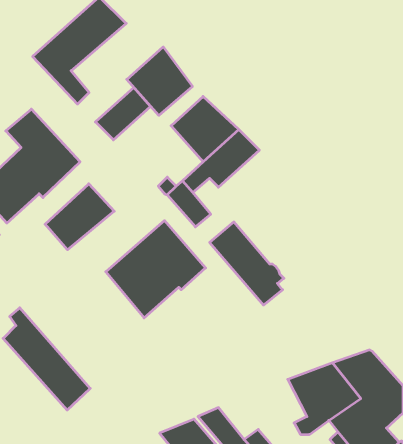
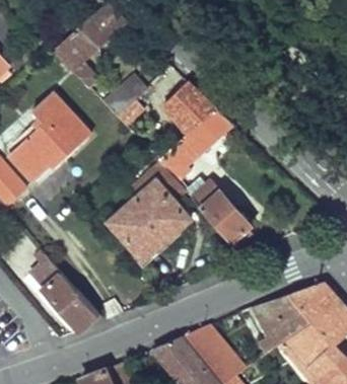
building: [127,47,192,115] -> none
building: [45,184,114,250] -> none

